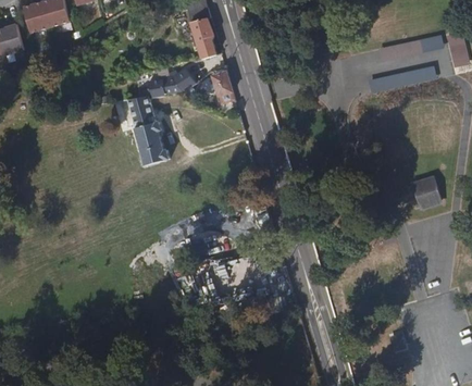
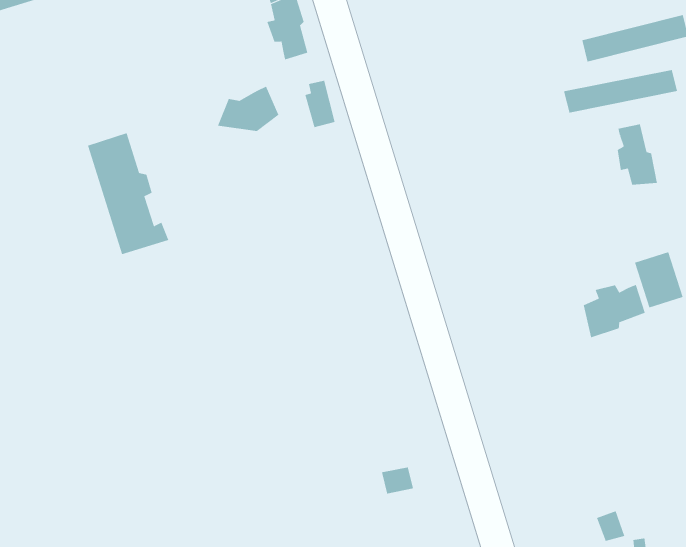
building: [121,98,170,171] -> [87,133,169,255]
building: none -> [617,123,658,186]
building: none -> [583,284,645,338]

